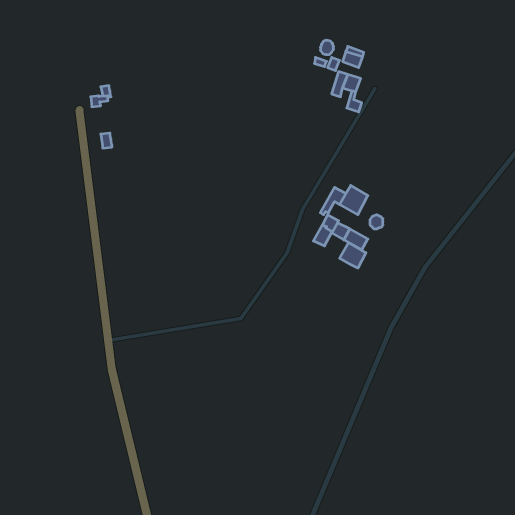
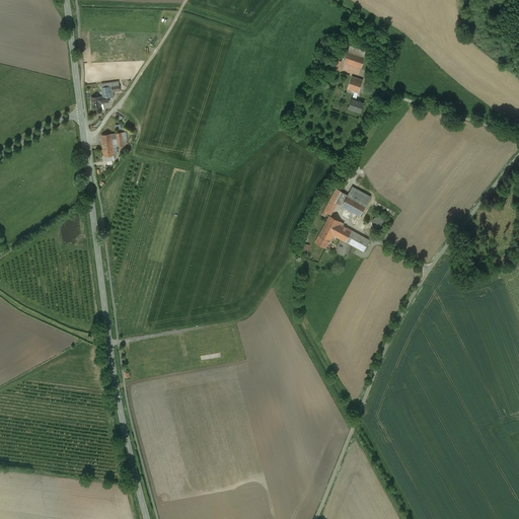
building: [340,242,366,268] -> none

